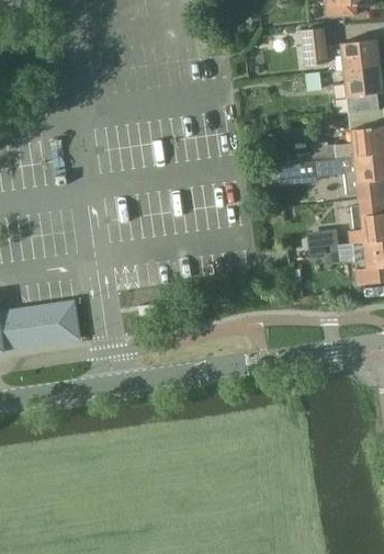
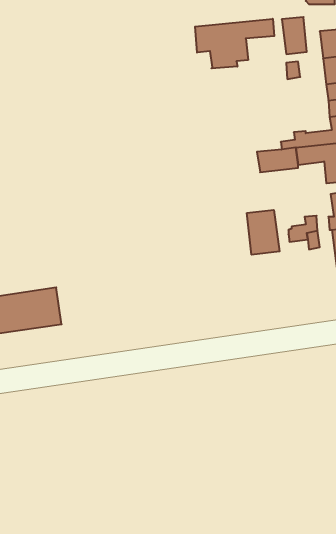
building: none -> [195,19,274,68]
building: none -> [247,210,280,255]

